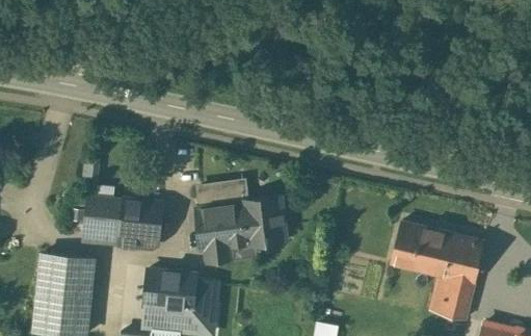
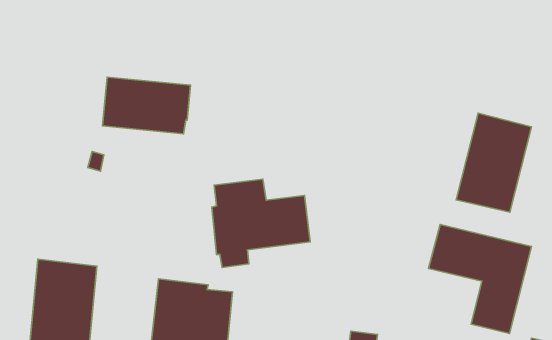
building: none -> [456,113,531,212]
building: [83,197,162,248] -> [102,77,190,134]

